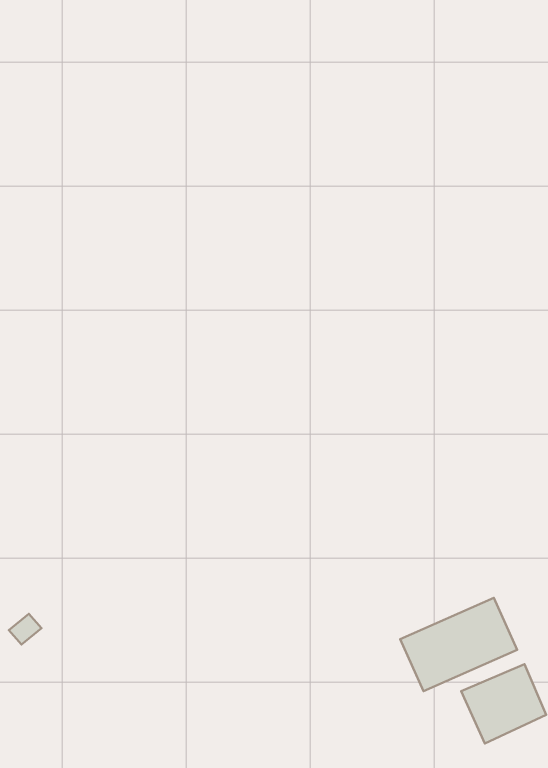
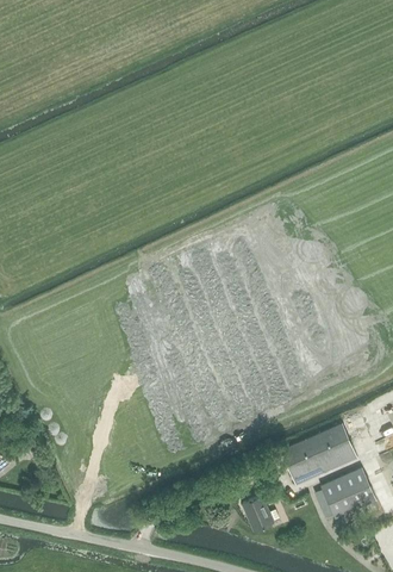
building: none -> [243,495,279,530]

